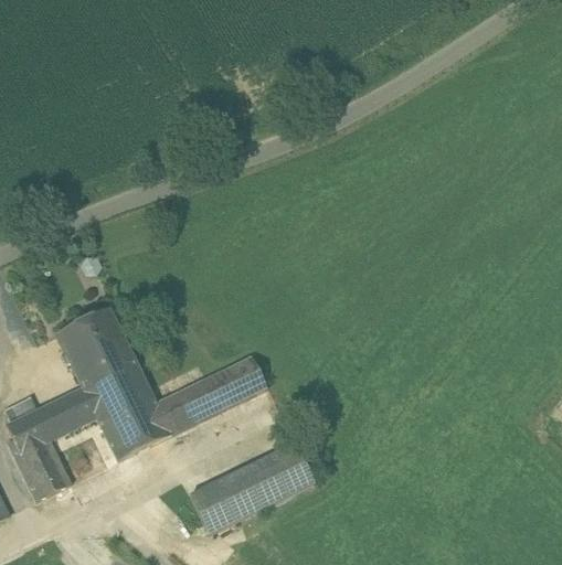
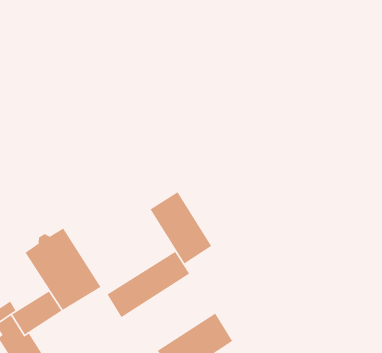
building: none -> [149,191,212,264]
building: [96,392,171,460] -> none

